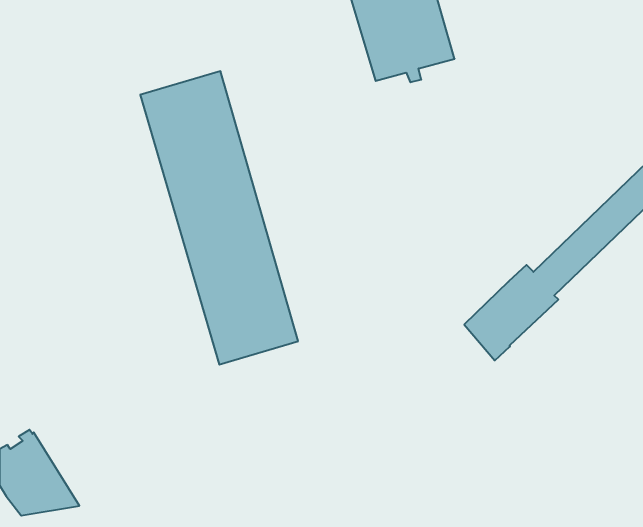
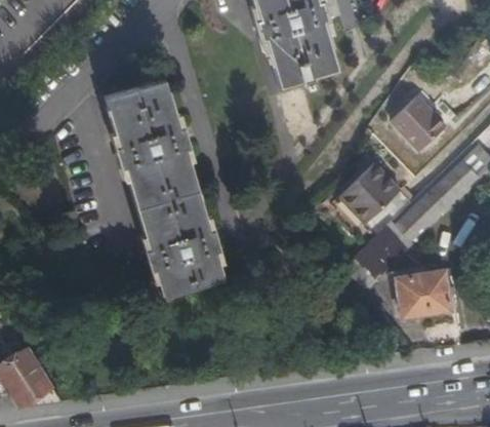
building: none -> [393,95,447,149]
building: none -> [339,161,413,234]
building: none -> [398,270,453,317]

